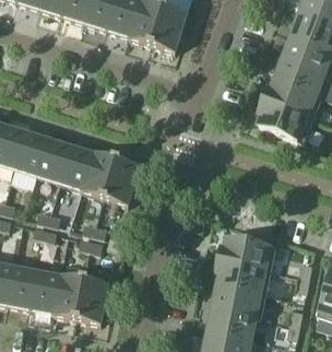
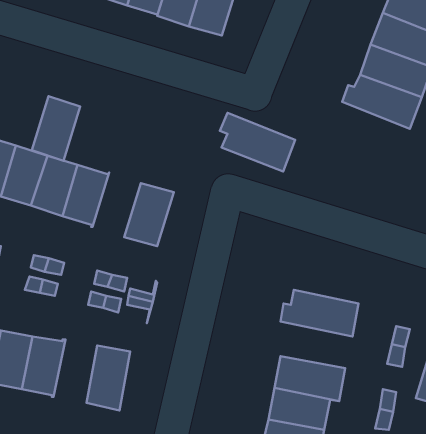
building: [257,99,311,142] -> [220,113,295,172]
building: [81,151,116,198] -> [32,96,80,161]
building: [214,259,270,293] -> none
building: [52,272,84,318] -> none

